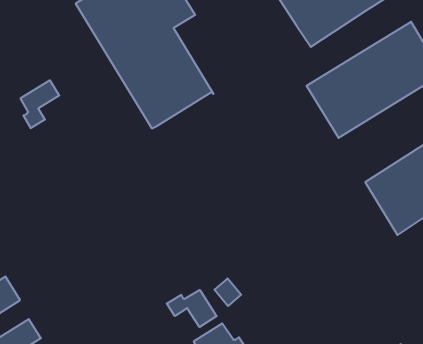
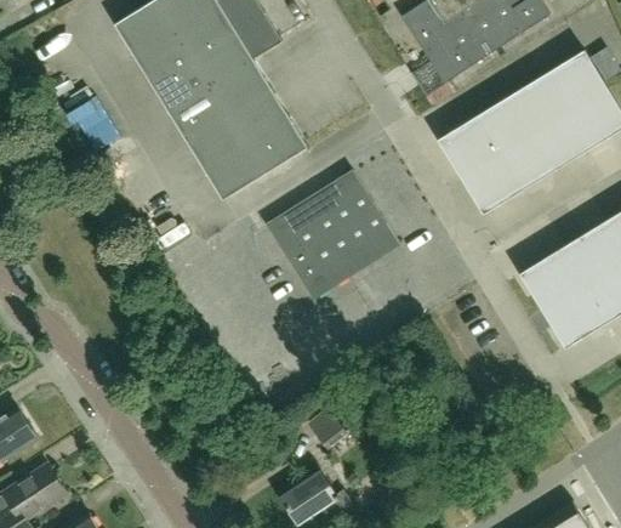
building: [21,80,59,128] -> none
building: none -> [267,172,399,299]
building: [167,290,217,327] -> none

